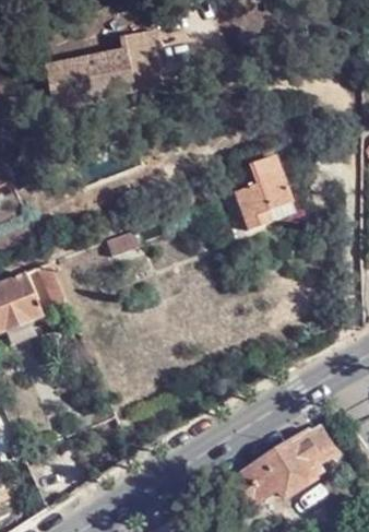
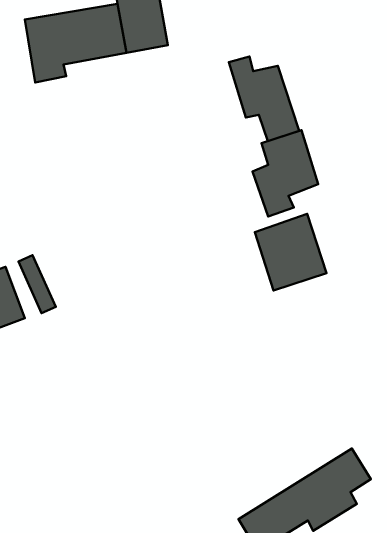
building: none -> [229,56,299,141]
building: none -> [255,214,327,290]

